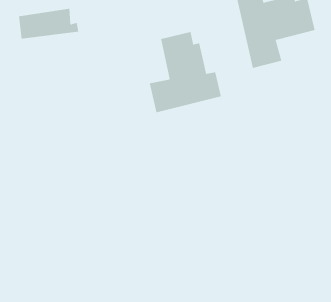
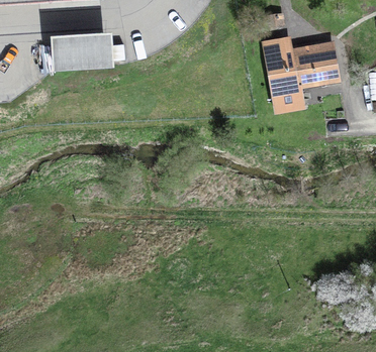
building: [149,31,221,113] -> none

